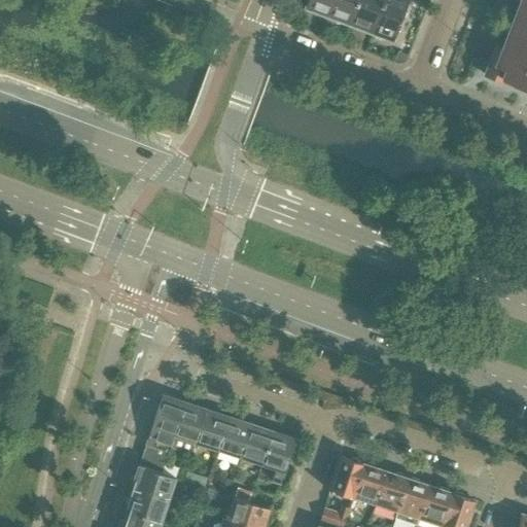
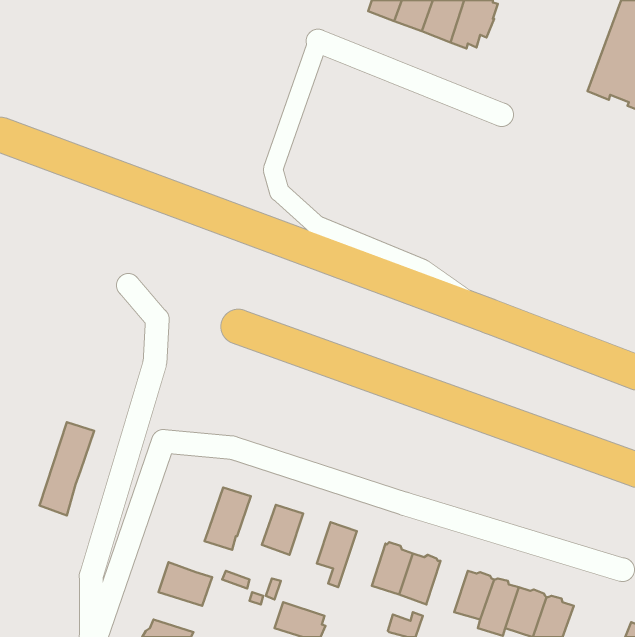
building: [141,395,186,472] -> [39,422,94,516]
building: [198,410,230,450] -> none
building: [241,424,275,465] -> none
building: [354,462,388,505] -> [372,542,413,595]
building: [128,489,169,522] -> none

